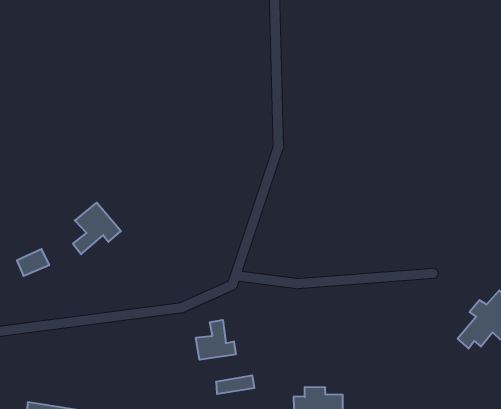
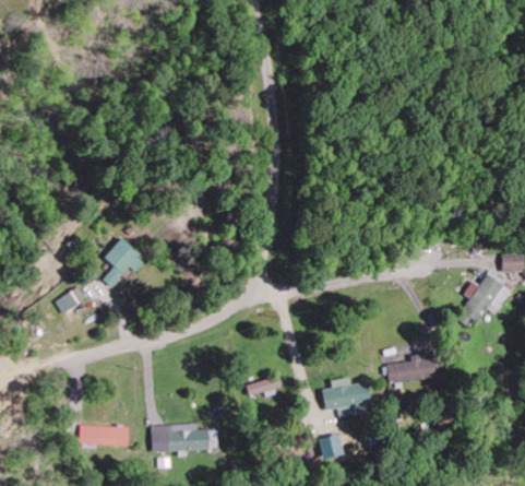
building: [196,320,236,360] -> none
building: none -> [384,352,432,384]

